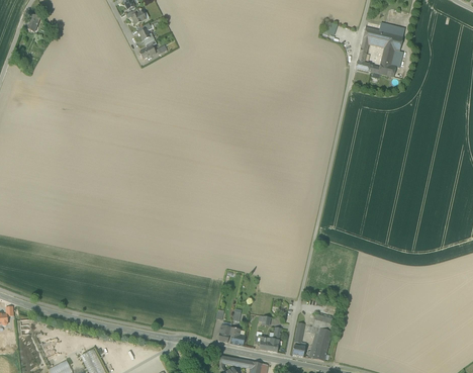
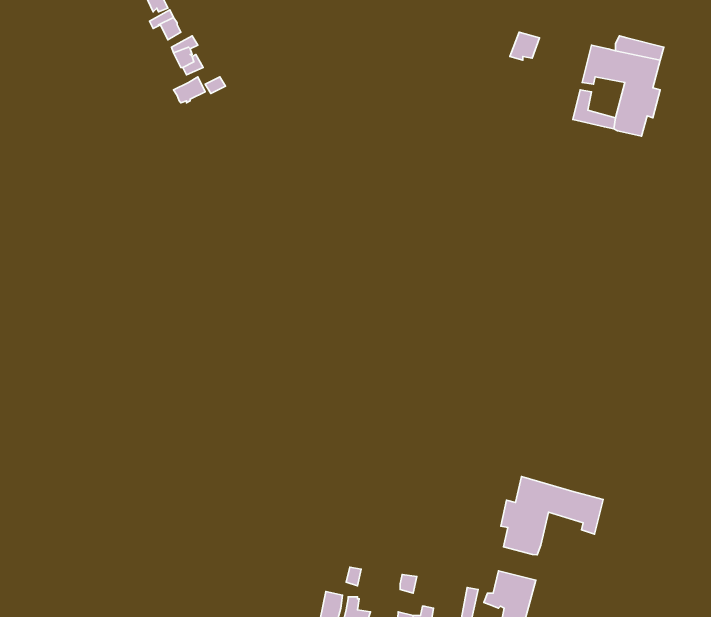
building: none -> [501,476,603,555]

